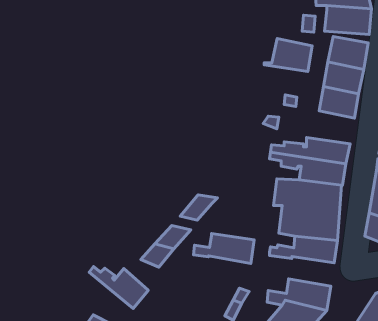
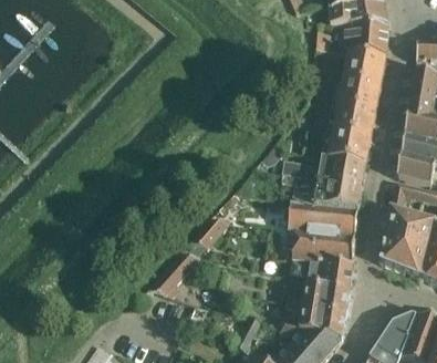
building: [264,38,312,71] -> [321,131,371,165]
building: [193,234,254,263] -> [287,282,350,313]
building: [89,267,148,309] -> none

